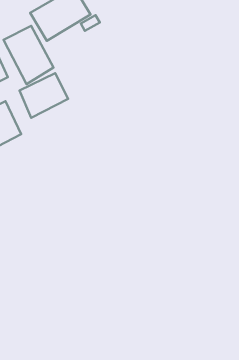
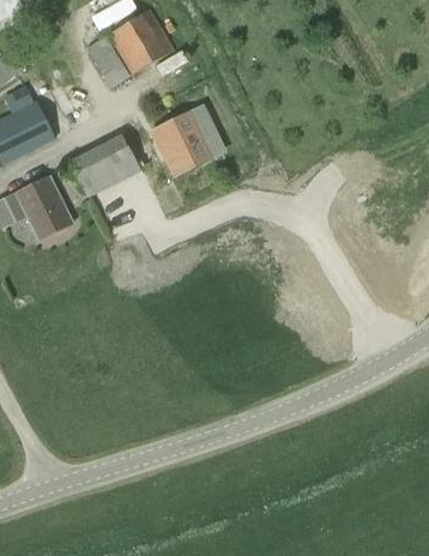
building: [4,26,53,84] -> none
building: none -> [155,113,211,174]

